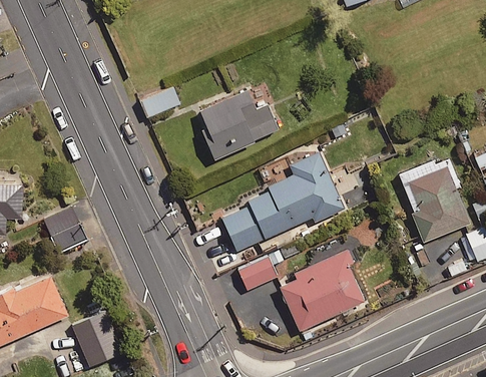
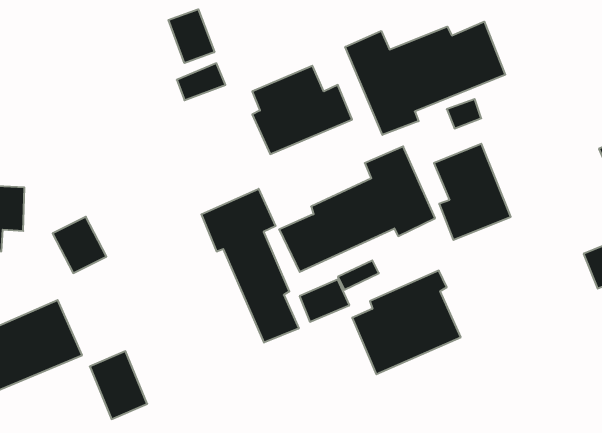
building: none -> [168,9,214,63]
building: none -> [345,22,505,135]
building: [409,166,469,242] -> [434,144,511,240]
building: none -> [201,189,299,343]

